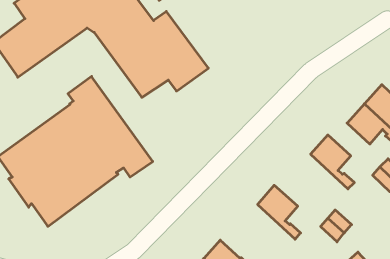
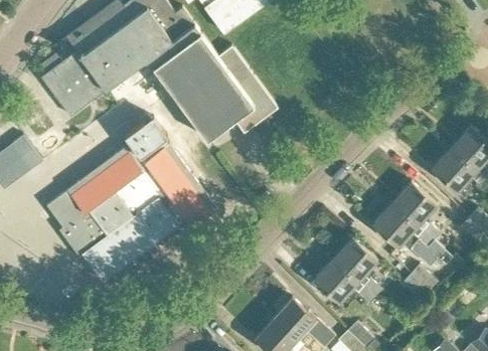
building: none -> [372,202,444,267]
building: none -> [314,257,374,303]

